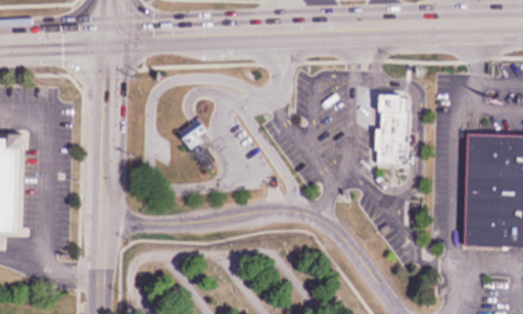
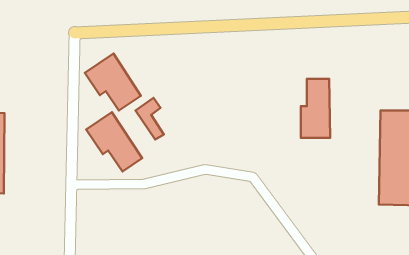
building: none -> [85,54,141,110]
building: none -> [86,112,142,172]

